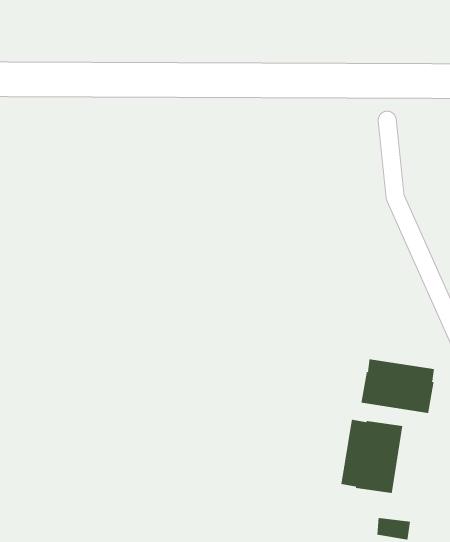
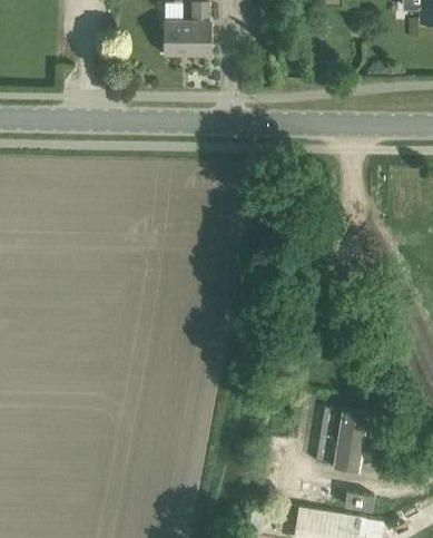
building: [361,359,434,414] -> none

